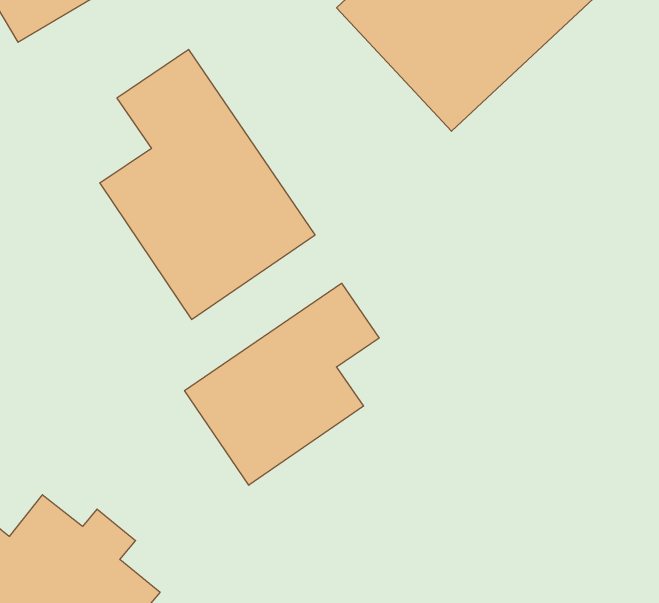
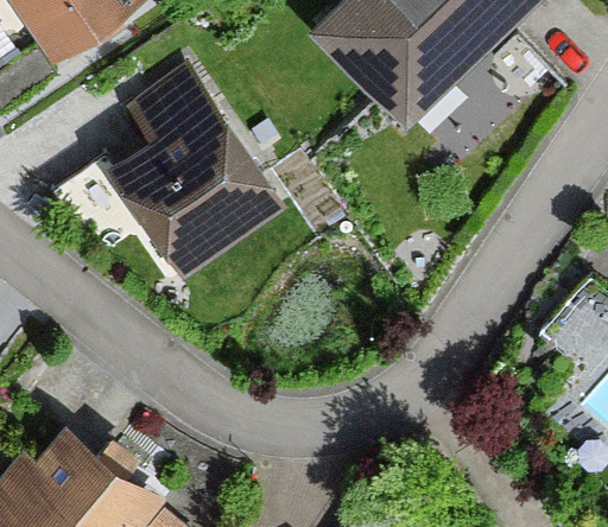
building: [185,283,379,485] -> none

